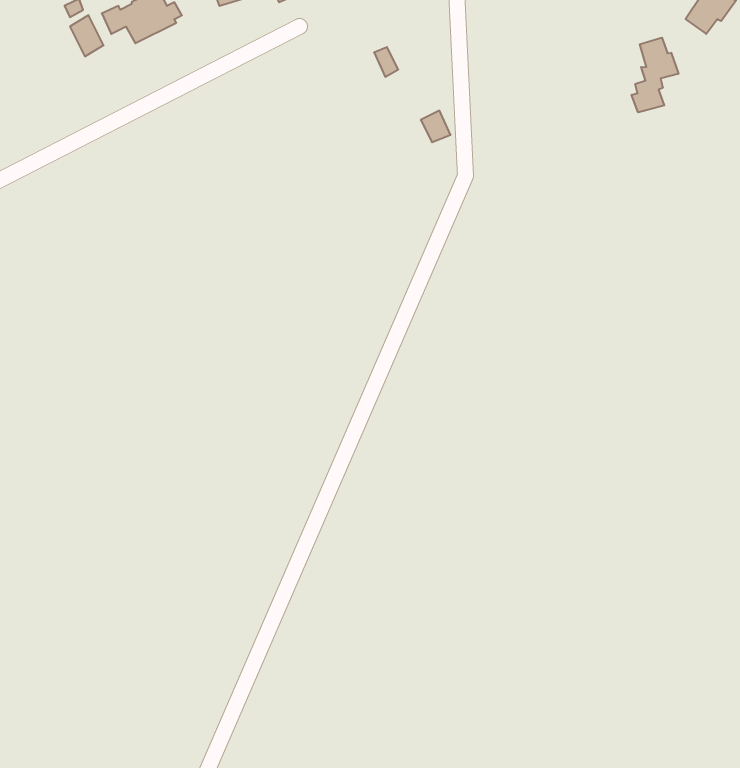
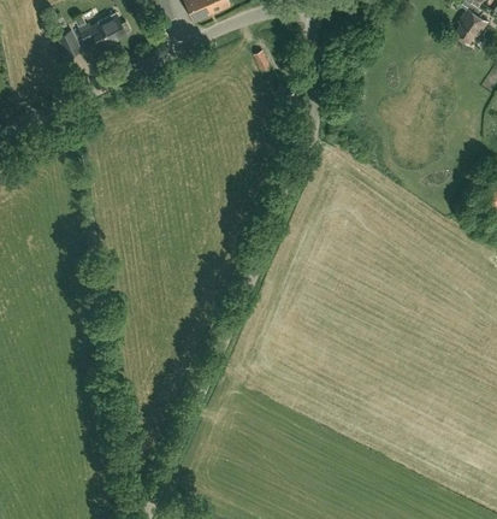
building: [632,38,678,112] -> none

